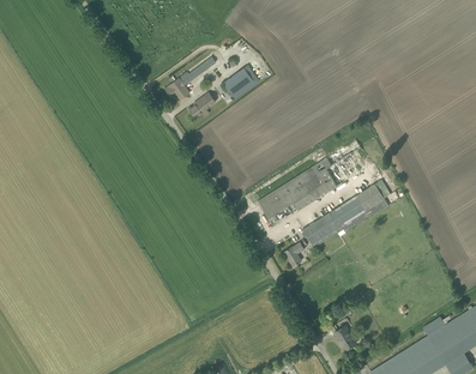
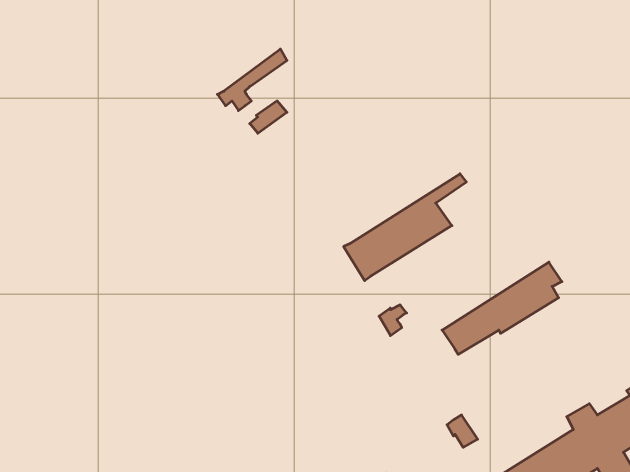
building: [223,65,260,99] -> none
building: [302,179,391,247] -> [442,262,562,354]

